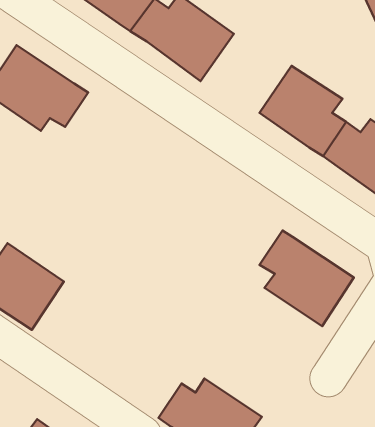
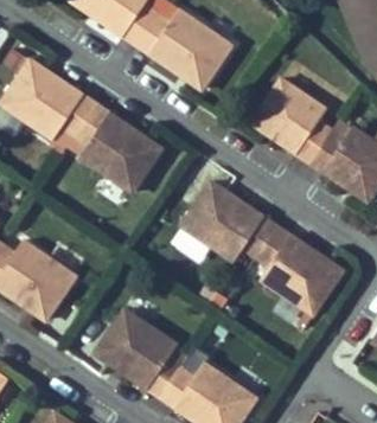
building: none -> [74,100,161,188]
building: none -> [179,184,275,263]
building: none -> [92,312,181,402]

